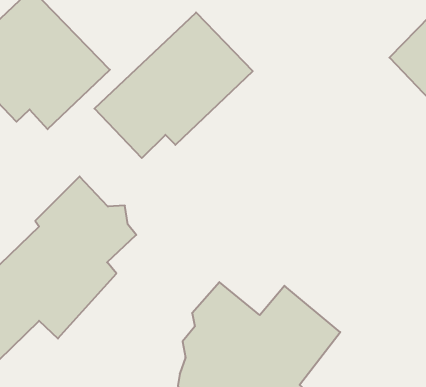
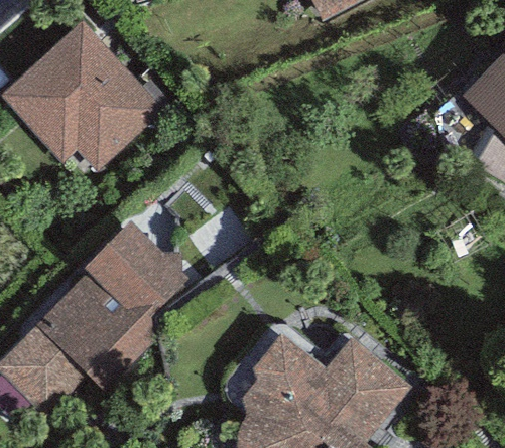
building: [94,12,253,158] -> none

